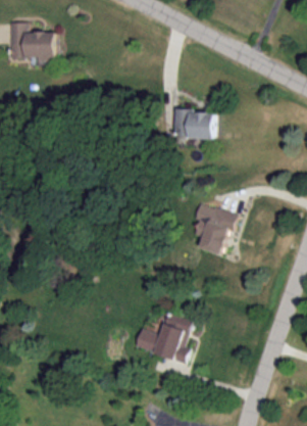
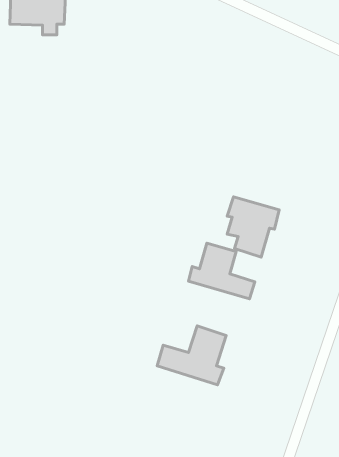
building: [173,108,215,138] -> none
building: none -> [189,243,255,299]

